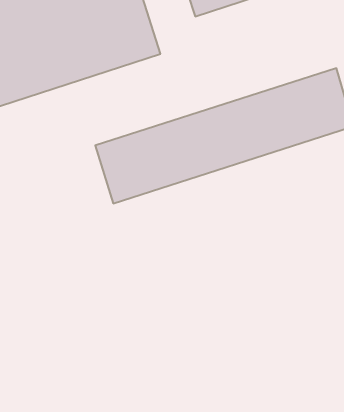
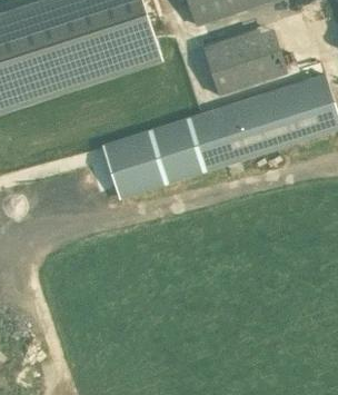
building: none -> [203,28,288,96]

